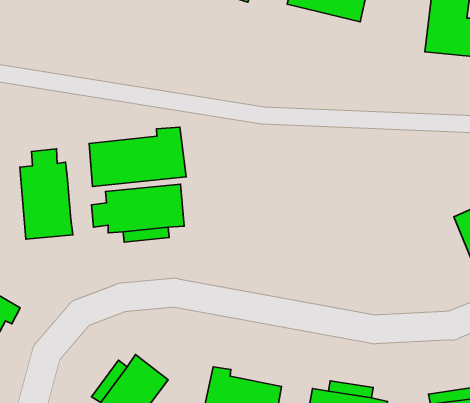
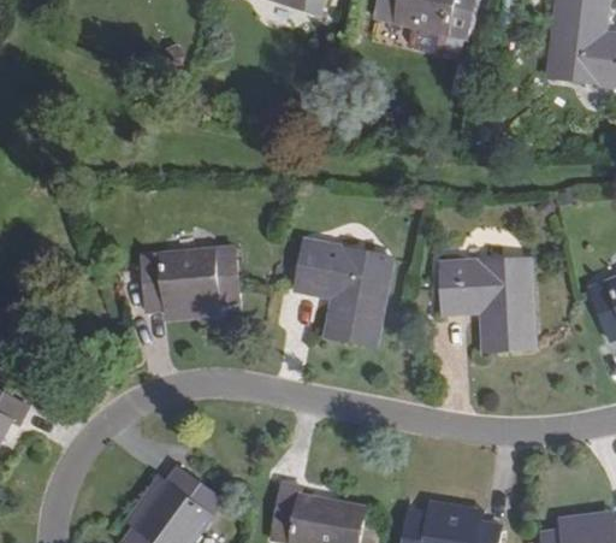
building: [89,127,186,187] -> none
building: [20,149,73,239] -> none
building: none -> [298,242,392,344]
building: none -> [443,261,534,352]

